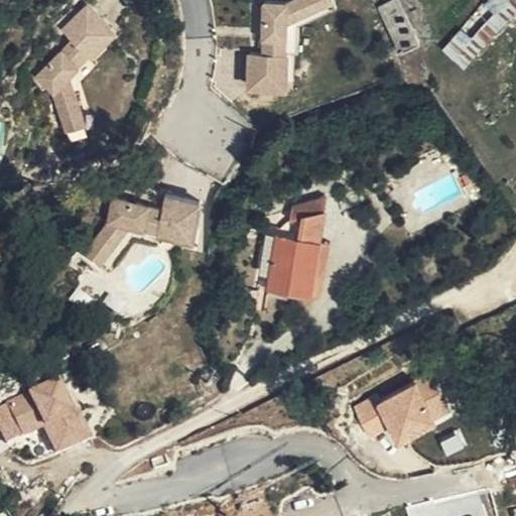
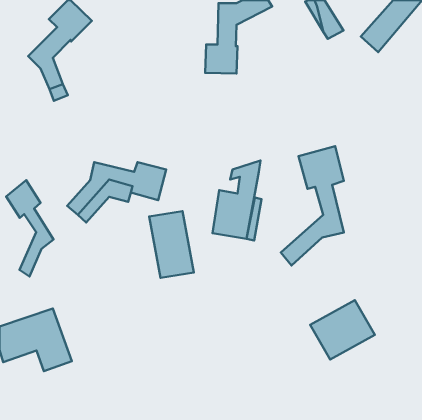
building: none -> [281,146,344,265]
building: none -> [6,180,54,276]
building: none -> [149,211,194,278]
building: [356,396,391,437] -> none

